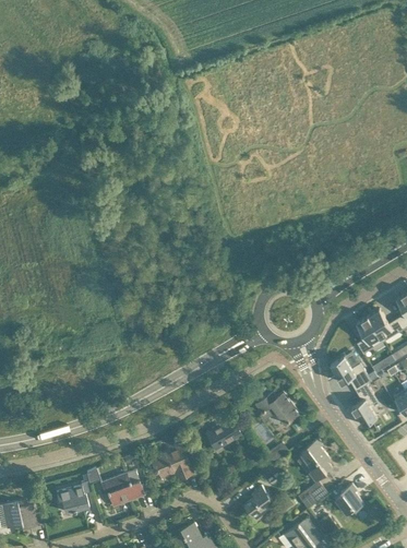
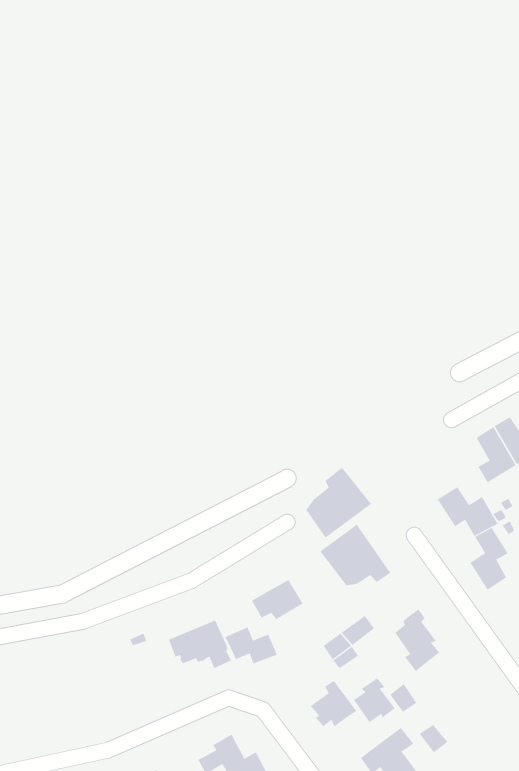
building: none -> [306,467,372,538]
building: none -> [225,627,278,664]
building: [100,472,144,507] -> none
building: [56,481,91,513] -> none
building: [335,485,363,515] -> [353,677,395,723]

